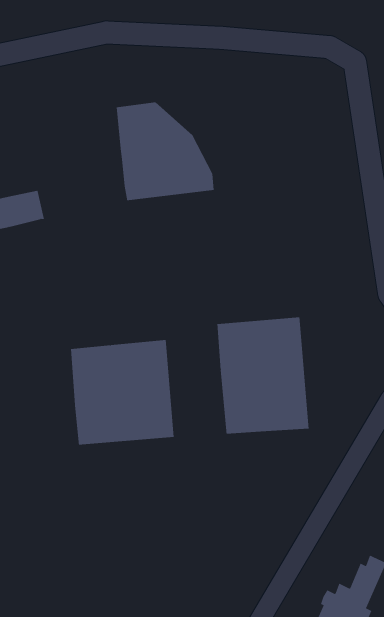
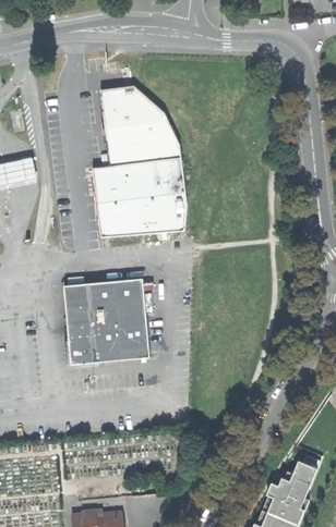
building: none -> [92,157,183,237]
building: [217,317,309,434] -> none

